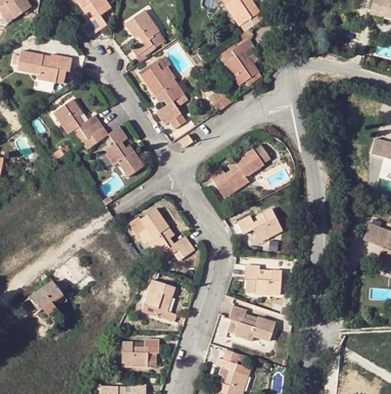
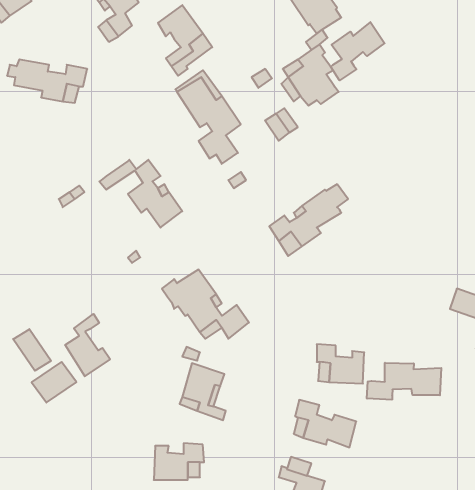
building: none -> [331,22,385,80]
building: [53,99,103,138] -> none
building: [237,208,282,241] -> none
building: none -> [65,314,110,376]
building: none -> [13,329,51,371]
building: none -> [367,363,441,400]

